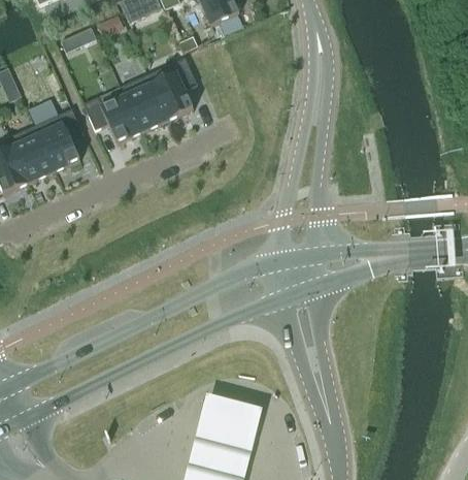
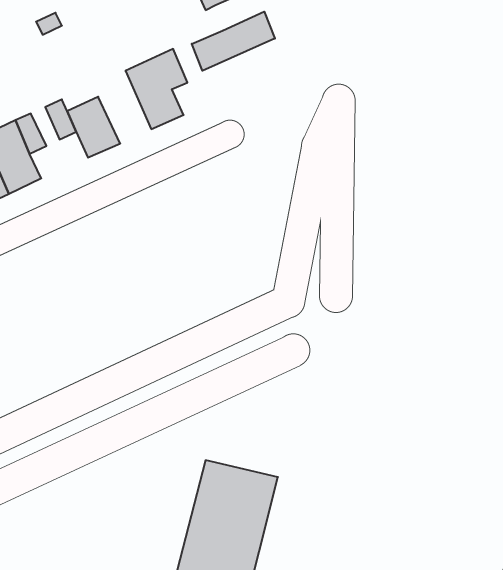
building: none -> [192,12,275,71]
building: [118,76,164,134] -> none

